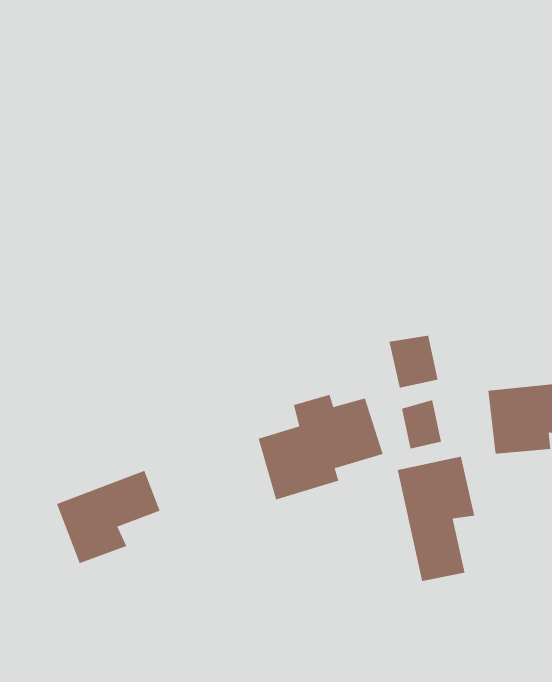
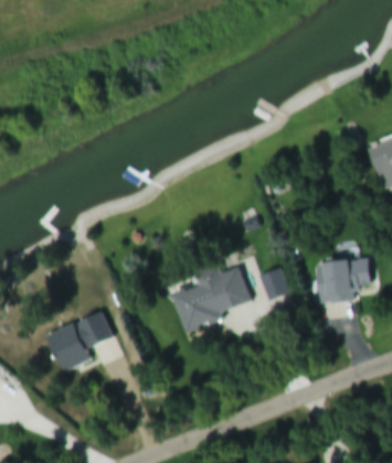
building: [389,335,438,388] -> none
building: [397,456,475,582] -> none

